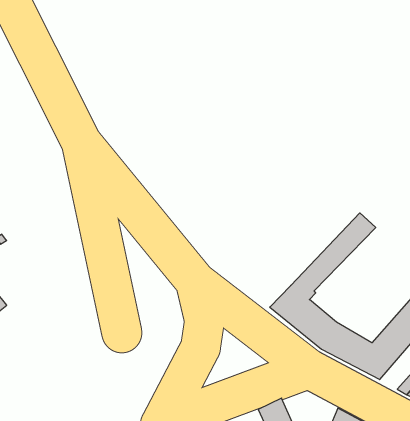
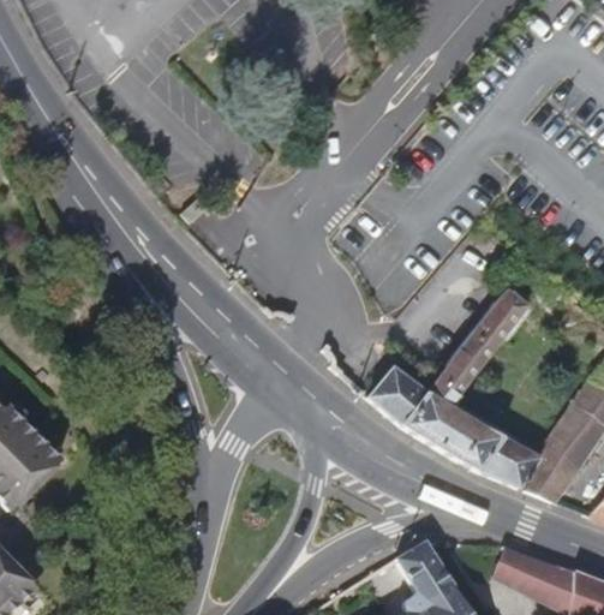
building: none -> [366,364,426,423]

